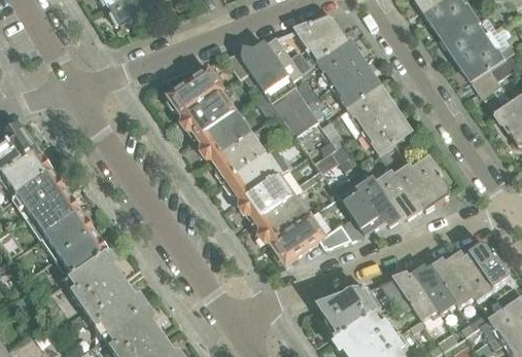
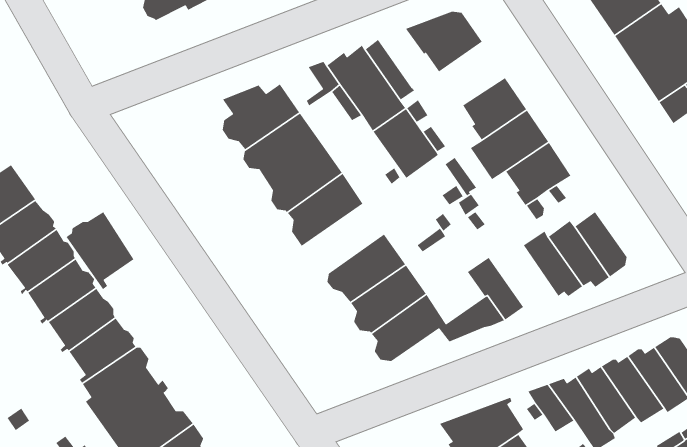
building: [316,39,364,83] -> none
building: [222,146,288,201] -> none
building: none -> [66,211,135,290]
building: [353,176,402,224] -> none

